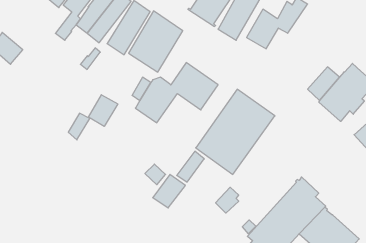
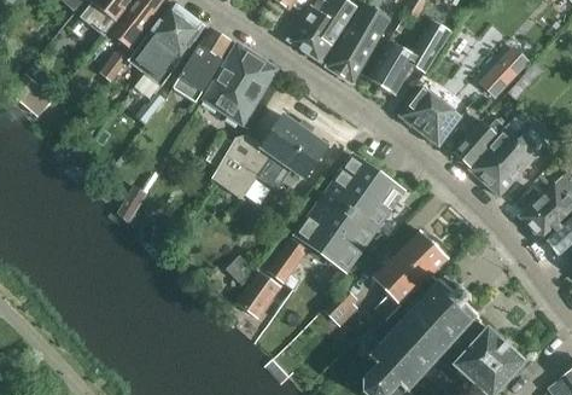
building: none -> [480,46,530,97]
building: none -> [401,86,462,146]
building: [89,95,118,126] -> none
building: none -> [373,230,450,315]

